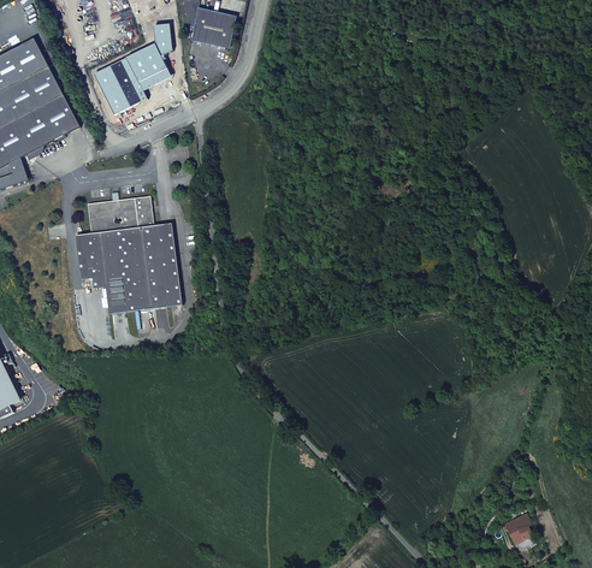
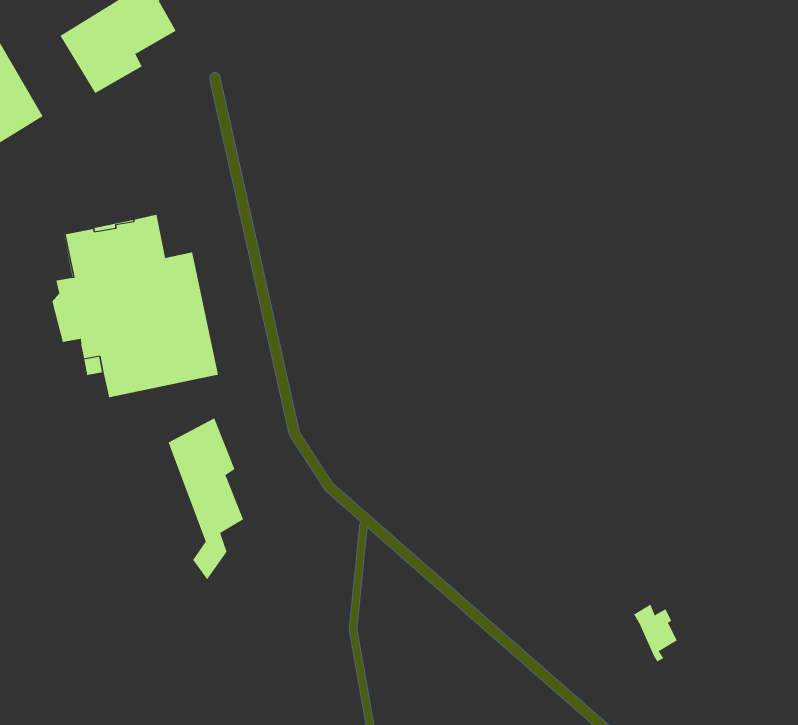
building: none -> [168,417,244,580]
building: [504,510,532,549] -> [633,604,677,662]

